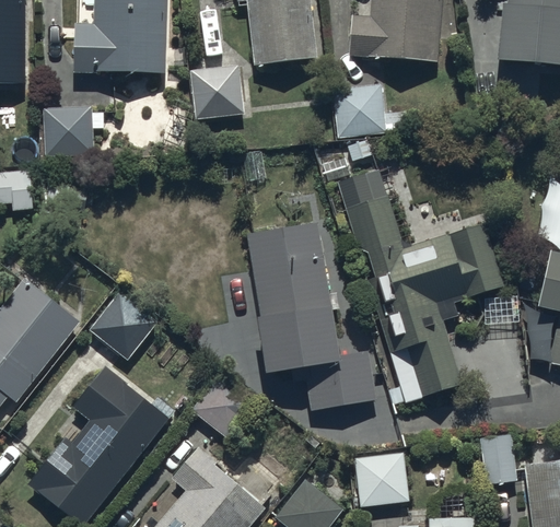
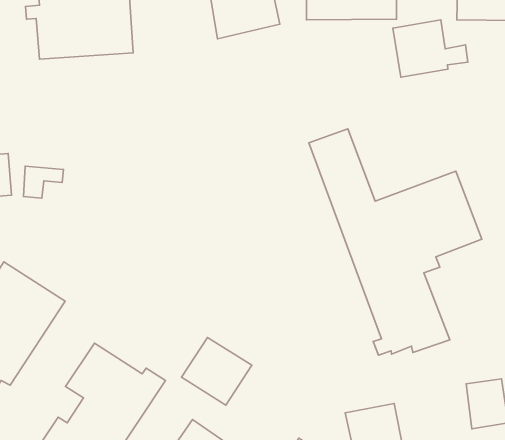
building: [187,63,243,117] -> none
building: [332,82,406,137] -> [393,20,468,77]
building: [43,105,93,156] -> none
building: [246,223,375,409] -> none
building: [89,290,158,359] -> none

